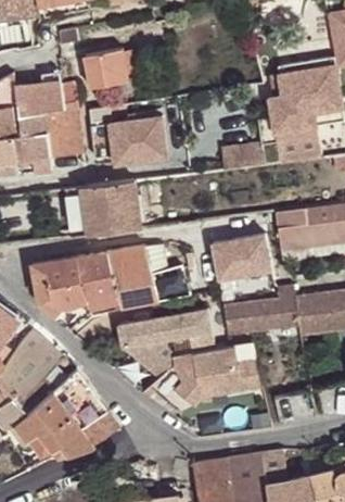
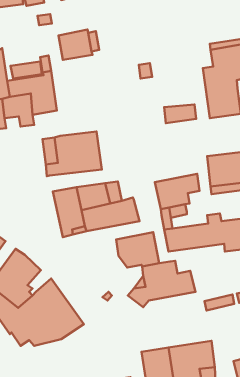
building: [90,106,167,163] -> none
building: [31,256,91,328] -> none
building: [118,318,175,377] -> none

